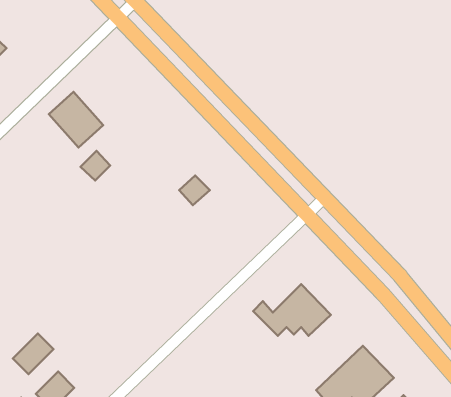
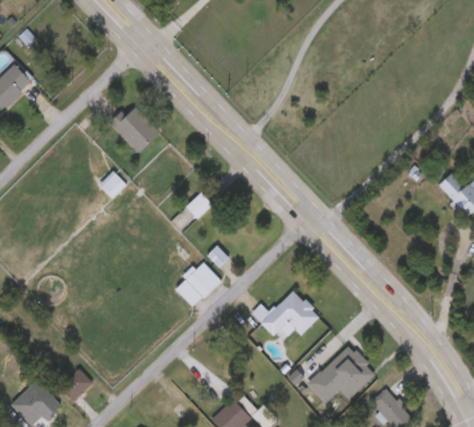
building: [49,92,103,147] -> [111,103,159,152]
building: none -> [175,263,220,307]
building: [13,334,54,374] -> none

